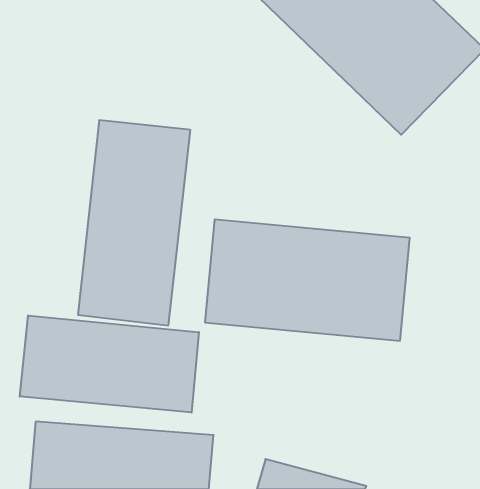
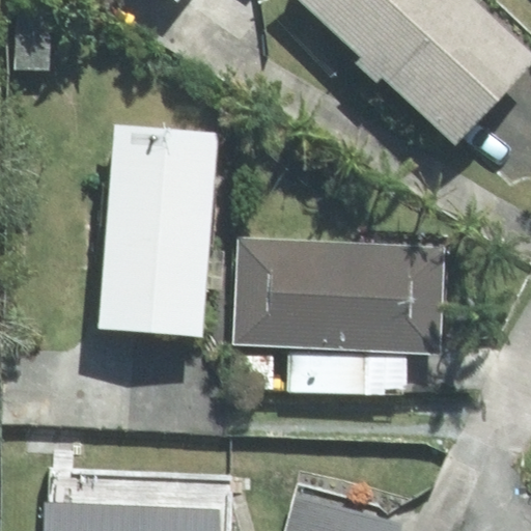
building: [20,315,199,413] -> none

